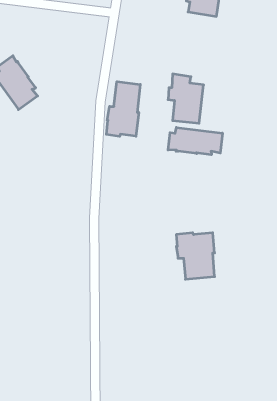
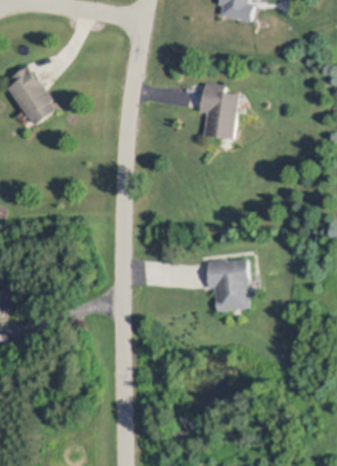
building: [106,82,140,136] -> none
building: [168,127,222,155] -> none

